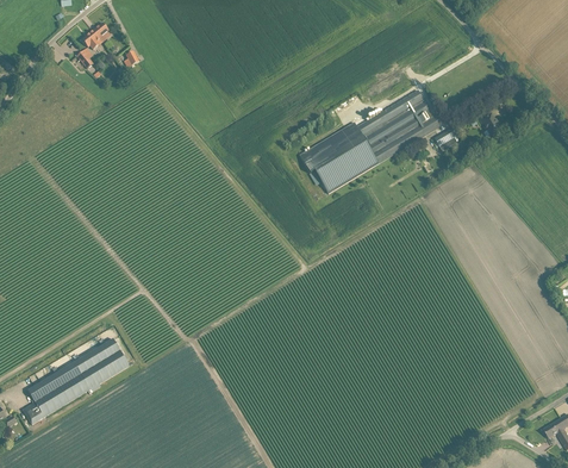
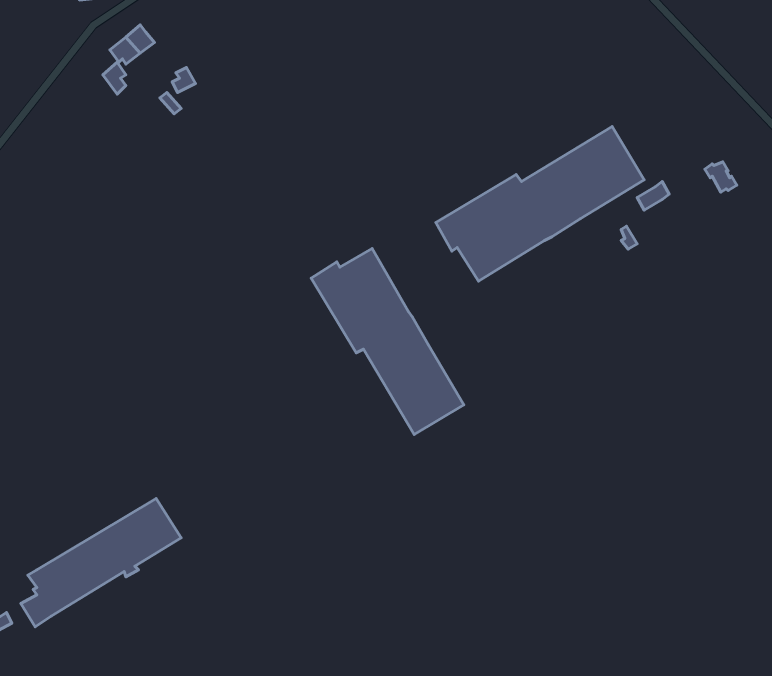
building: none -> [311,249,464,435]

